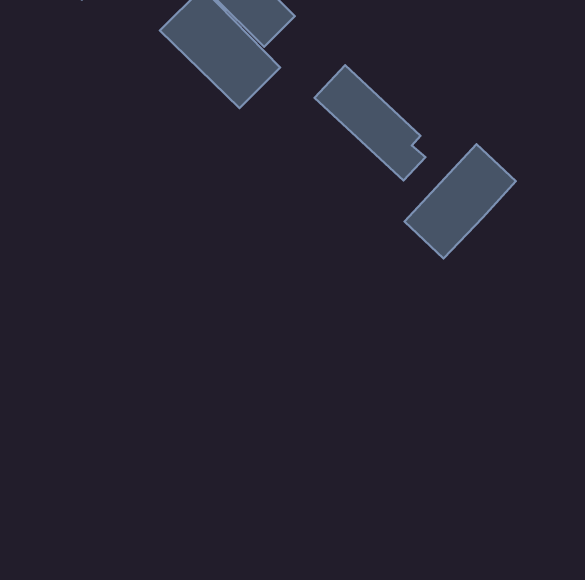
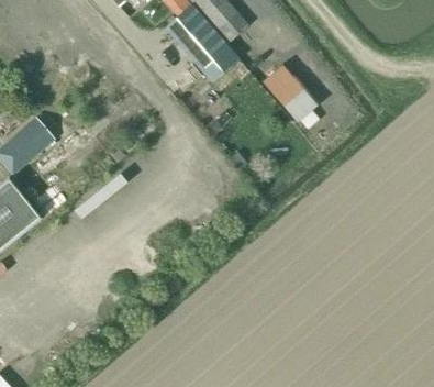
building: [404,144,516,259] -> none

